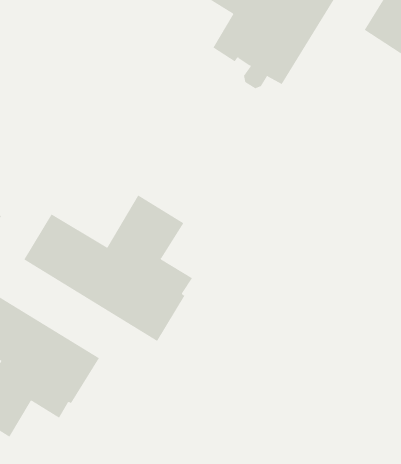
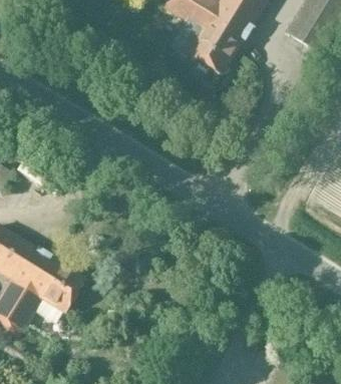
building: [23,195,193,342] -> none

